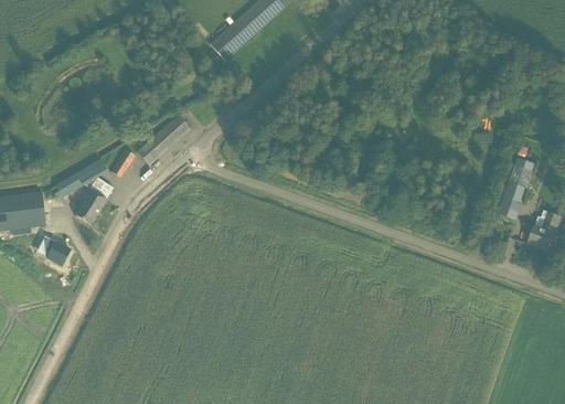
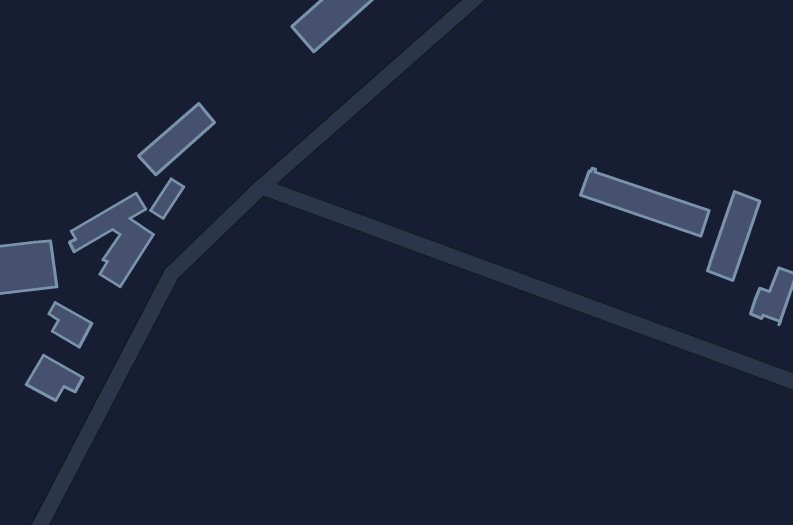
building: [136,115,189,164] -> [138,103,215,175]
building: none -> [580,168,709,236]
building: none -> [26,355,83,401]

